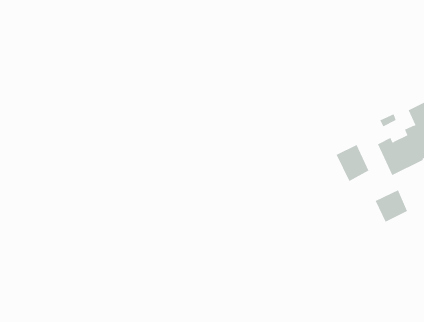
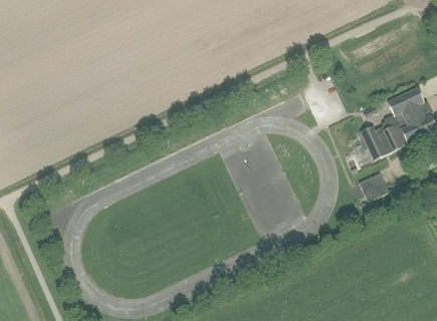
building: [336,144,369,182] -> none

